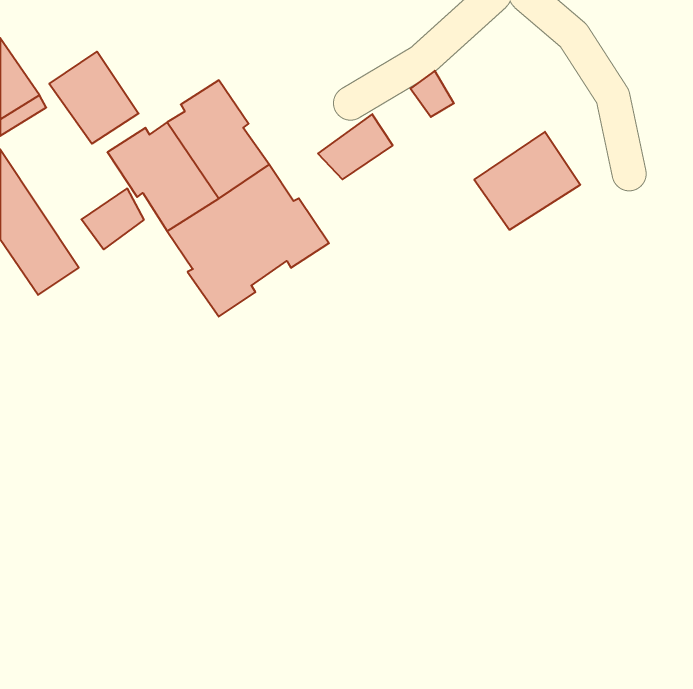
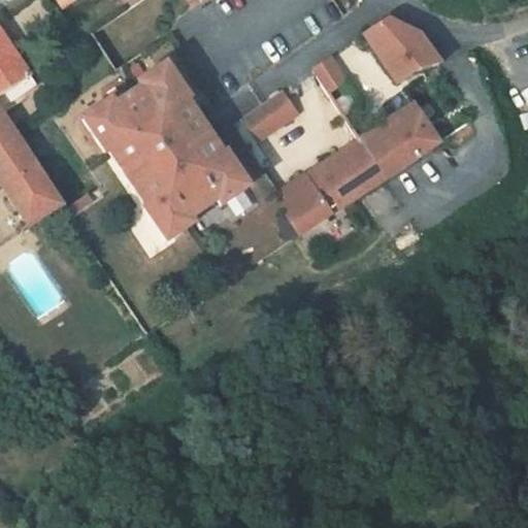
building: none -> [364,16,440,81]
building: [49,52,139,144] -> none
building: none -> [275,136,388,232]
building: [81,188,144,249] -> none

